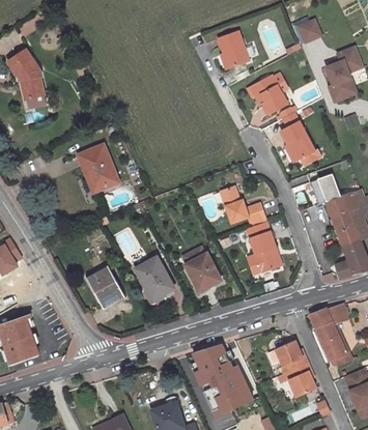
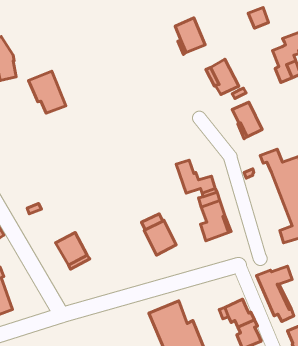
building: [77,145,118,192] -> [29,71,66,113]
building: [135,257,174,300] -> none

